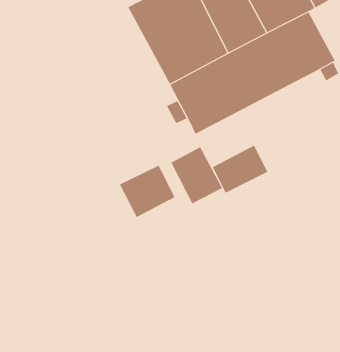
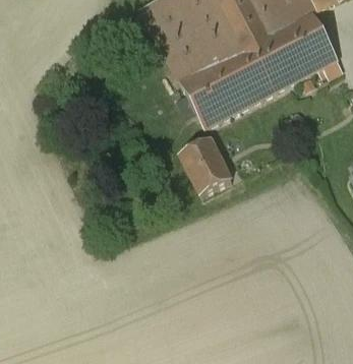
building: [212,145,268,193] -> none
building: [119,165,175,218] -> none

